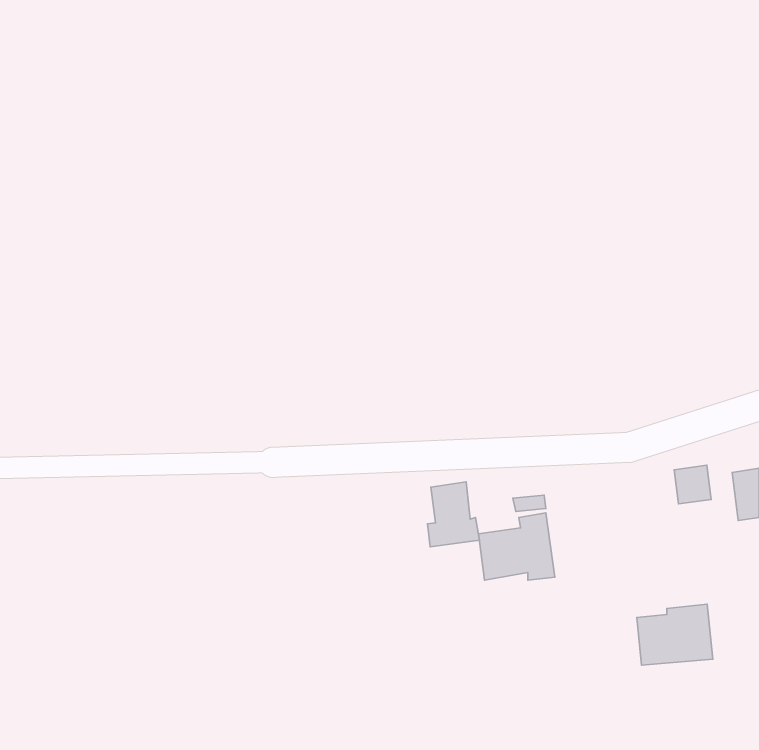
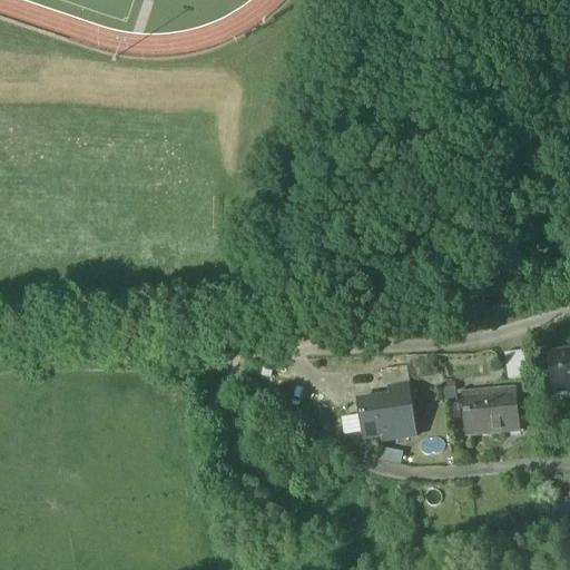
building: [428,482,479,547] -> none
building: [637,604,713,665] -> [462,385,519,431]

